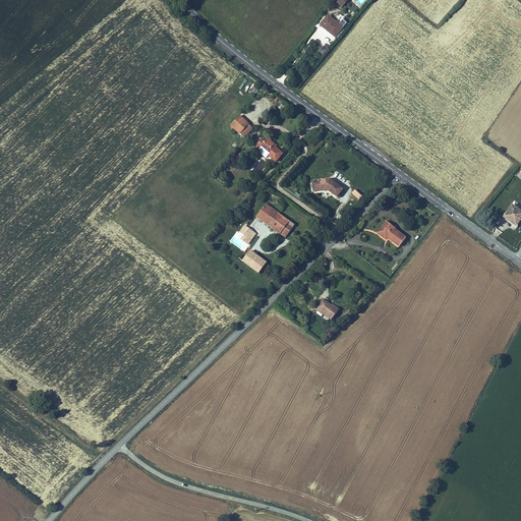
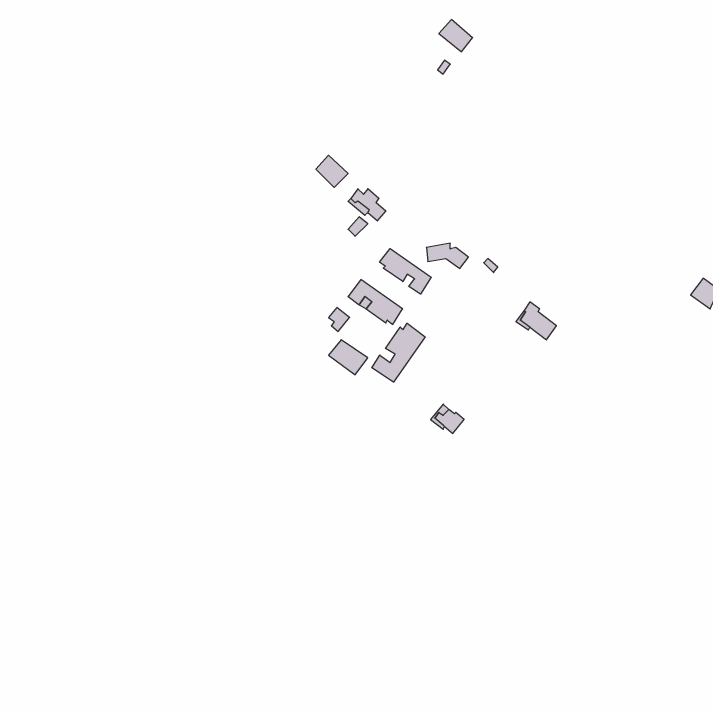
building: none -> [380,249,431,294]
building: none -> [372,323,425,382]

